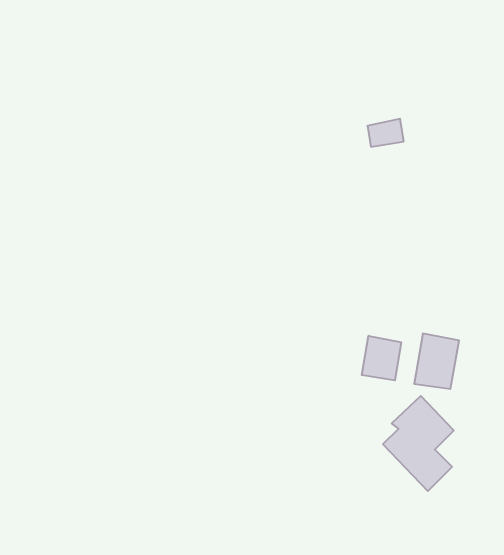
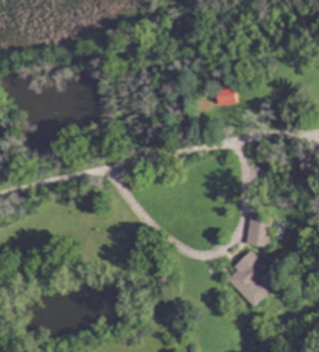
building: [362,336,401,380] -> none

